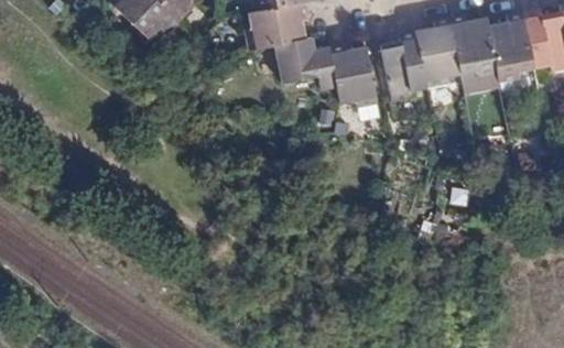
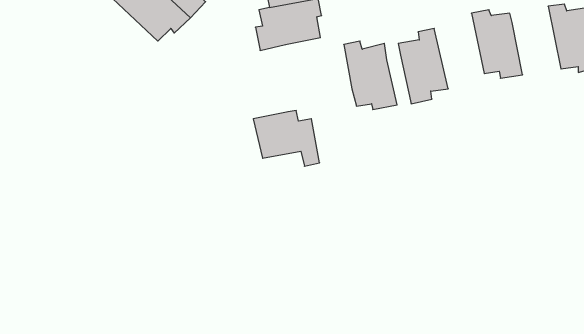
building: [494,9,540,81] -> none
building: [420,15,467,87] -> none
building: [279,37,341,90] -> [253,111,320,166]

